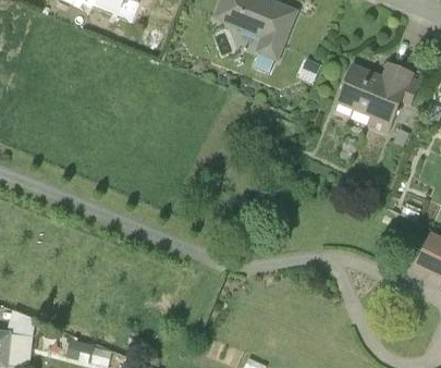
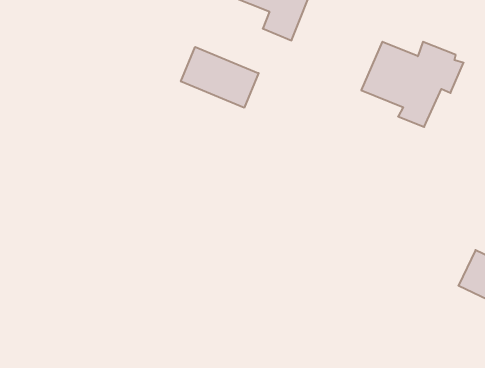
building: none -> [181,47,259,108]

